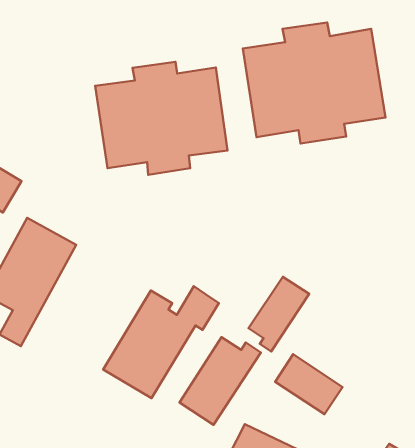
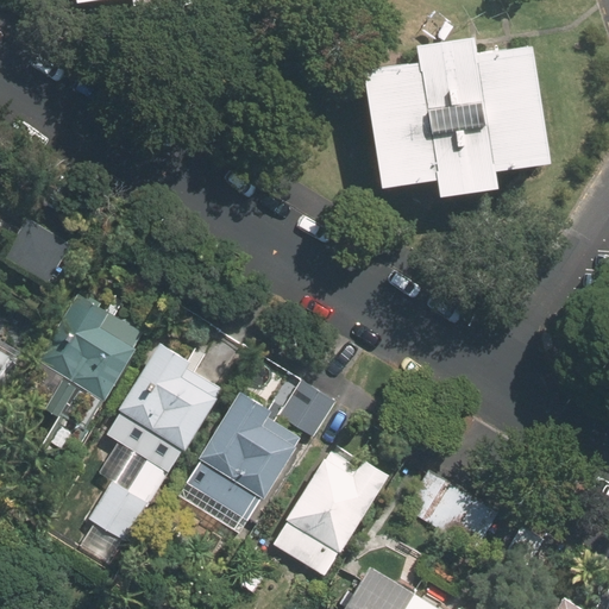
building: [95,62,228,175] -> none
building: none -> [88,344,219,540]
building: [249,277,309,352] -> none

